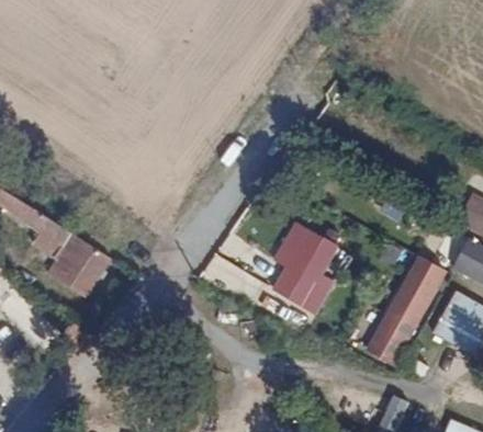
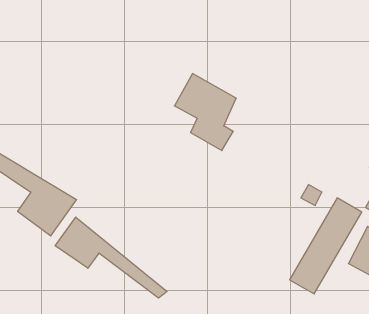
building: [272,223,344,311] -> [174,74,236,151]
building: none -> [55,217,167,298]

